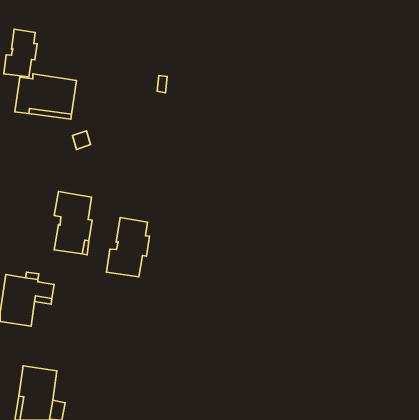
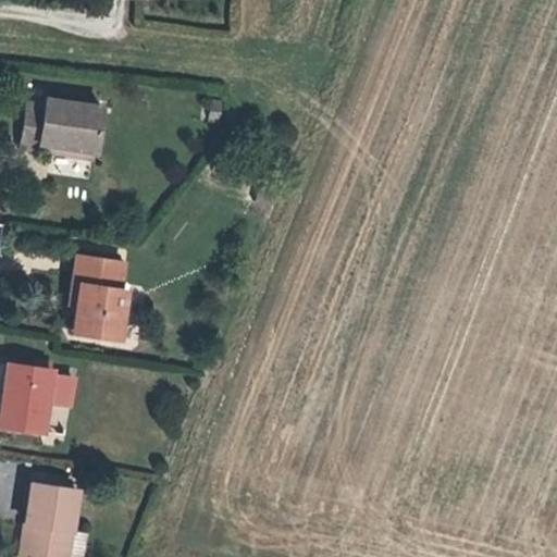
building: [4,29,37,77] -> none
building: [106,217,150,277] -> none

